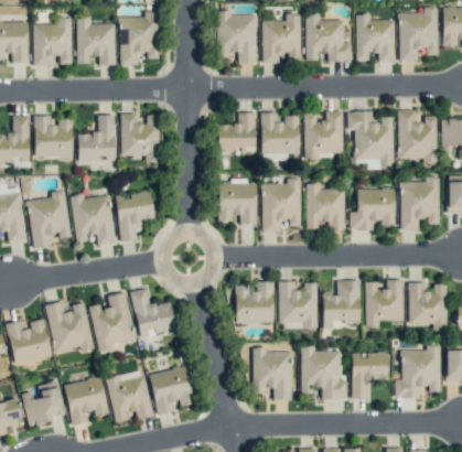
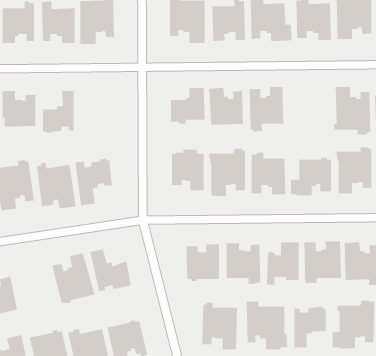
building: [347,110,393,163] -> none
building: [121,114,160,162] -> none
building: [45,302,93,352] -> none

